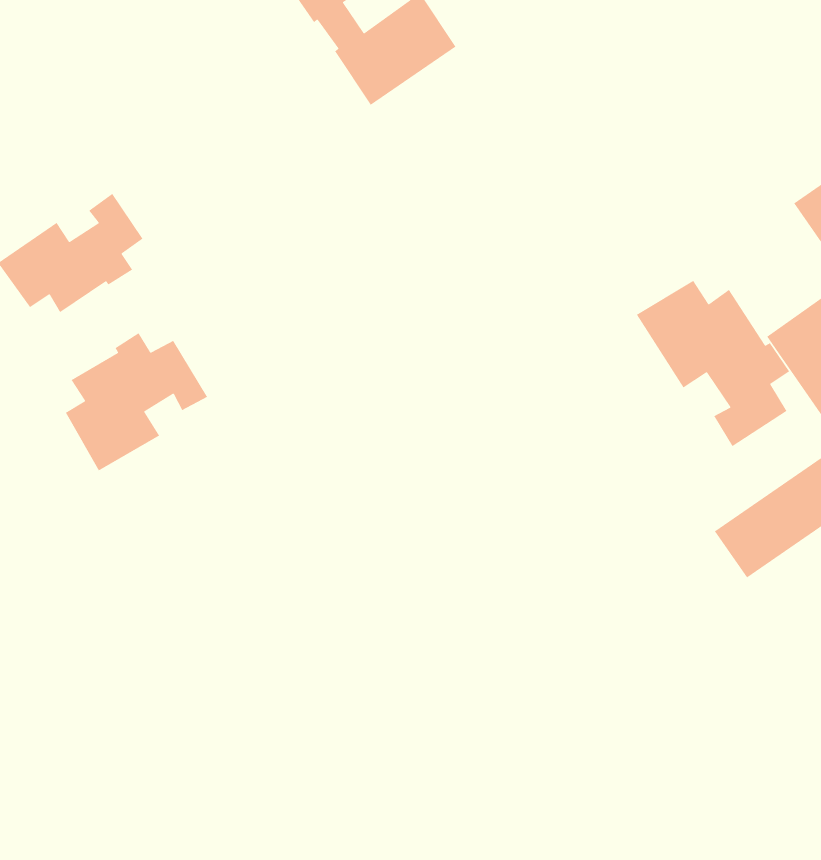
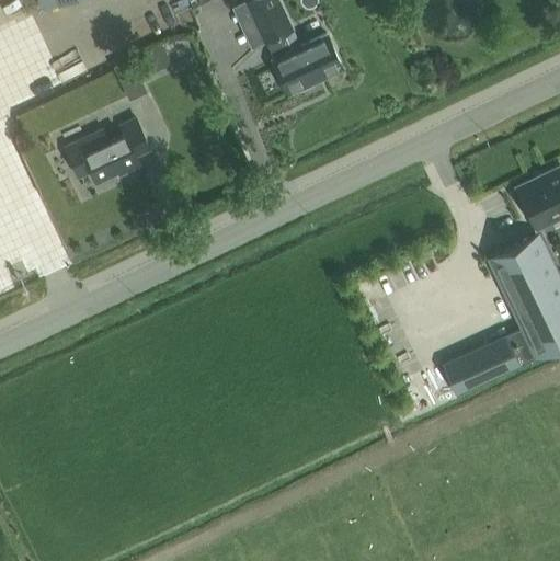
building: [636,280,790,447] -> none
building: [65,332,208,472] -> none

